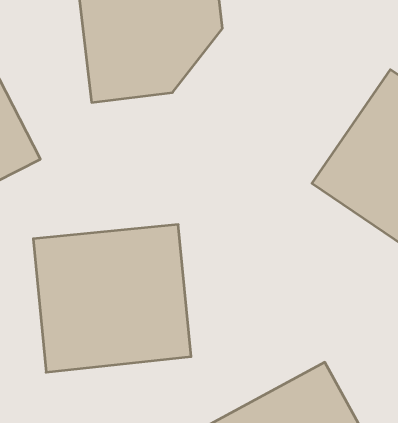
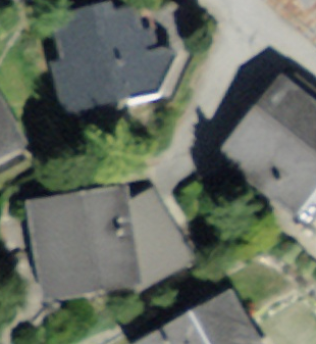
building: none -> [129,185,195,284]

